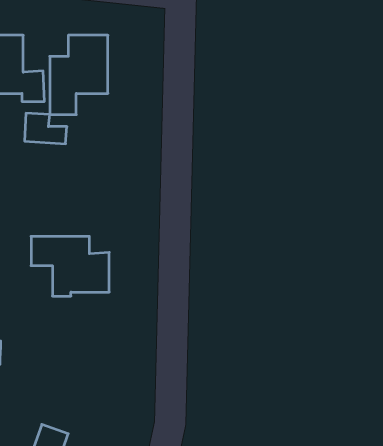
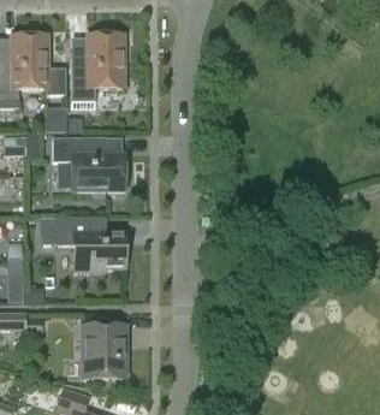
building: none -> [52,136,125,189]
building: none -> [83,324,126,377]

